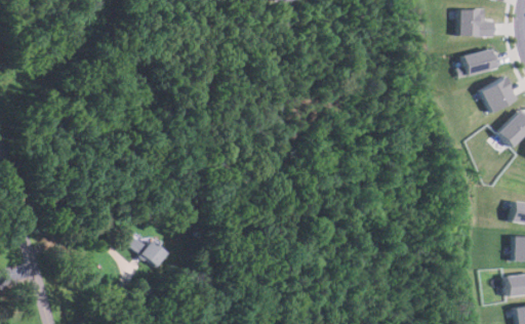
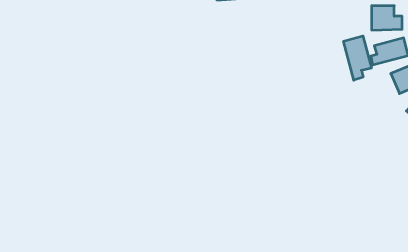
building: none -> [344,36,371,80]
building: [128,232,166,268] -> none

